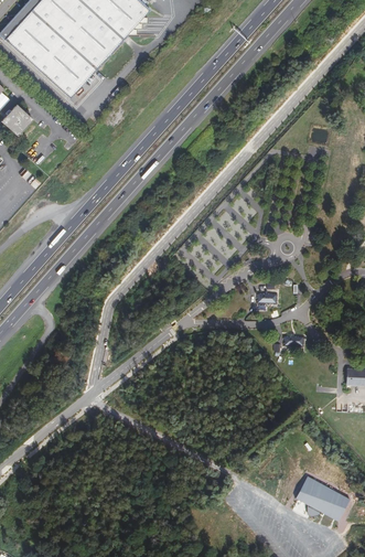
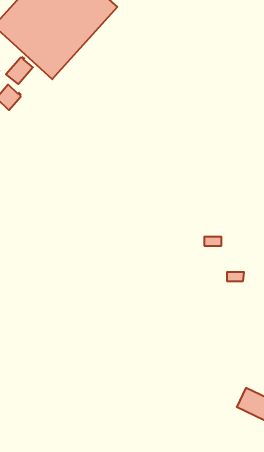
building: none -> [6,57,33,84]

